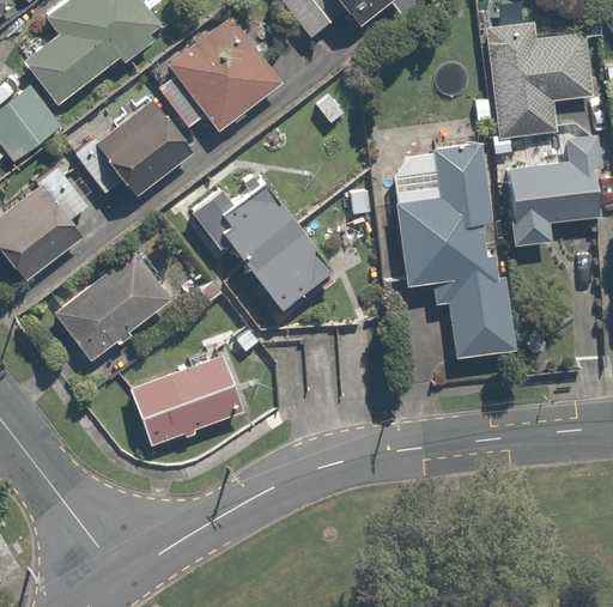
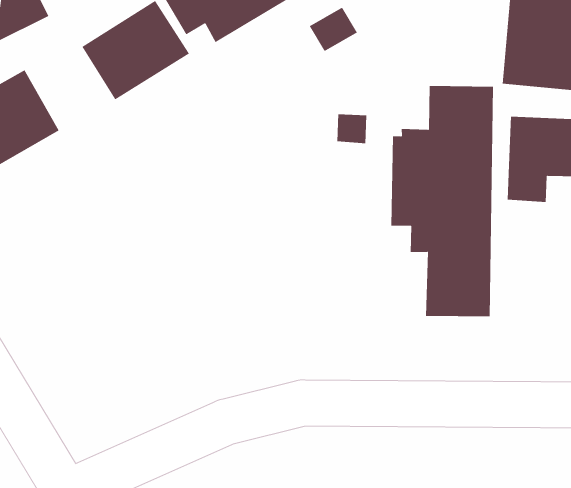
building: [189,165,340,326] -> none
building: [56,248,176,363] -> none
building: [123,352,243,451] -> none

